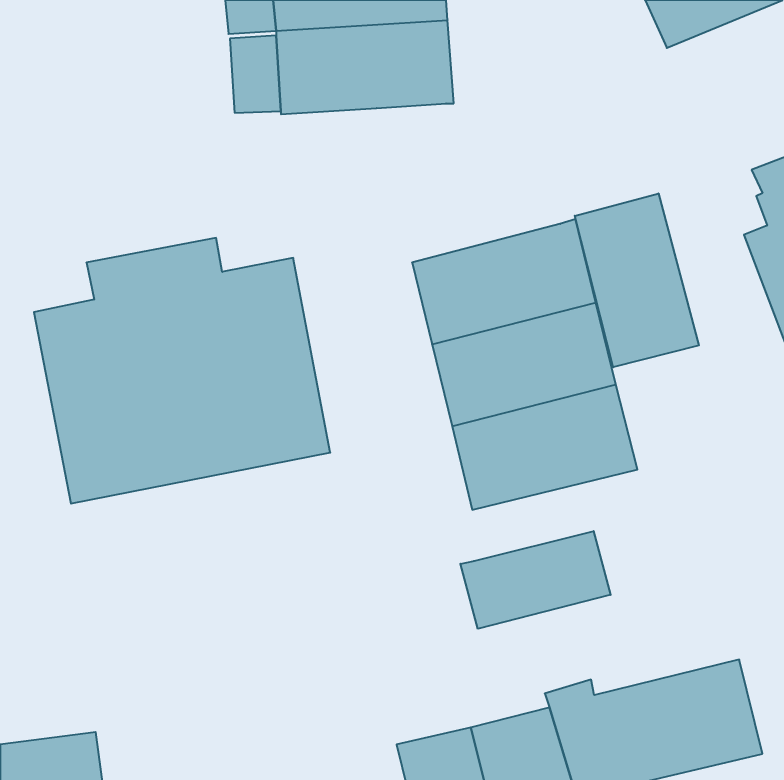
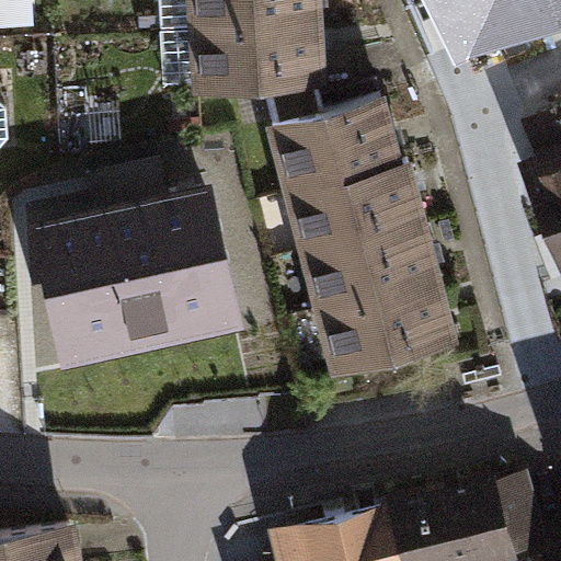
building: none -> [271,80,401,193]
building: [575,193,699,367] -> none
building: [460,531,611,629] -> none

